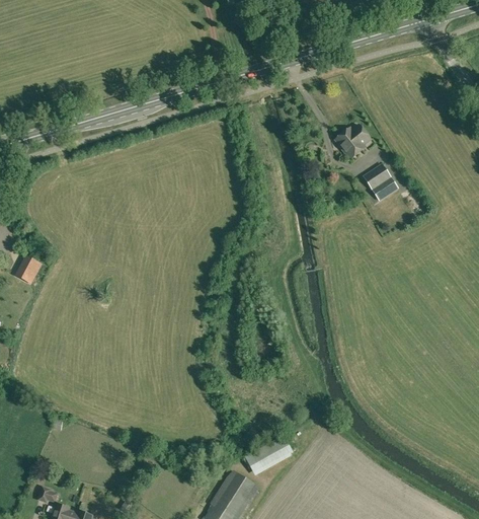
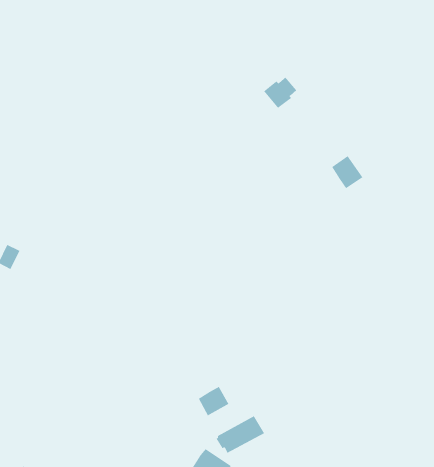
building: [335,125,371,158] -> [263,77,297,109]
building: none -> [198,386,230,416]

